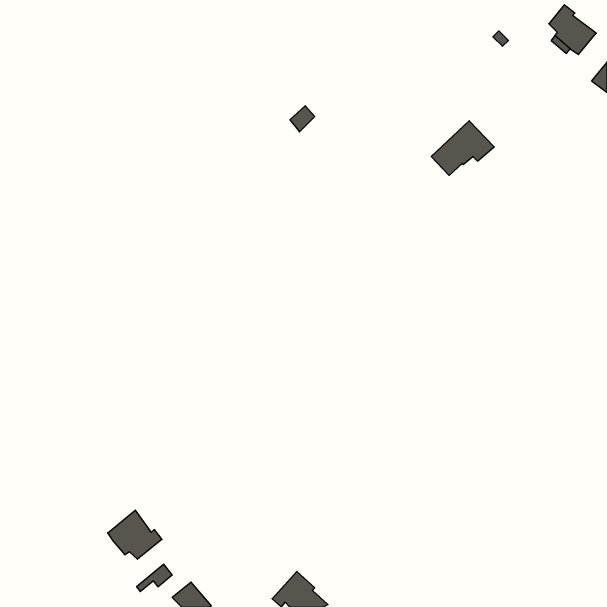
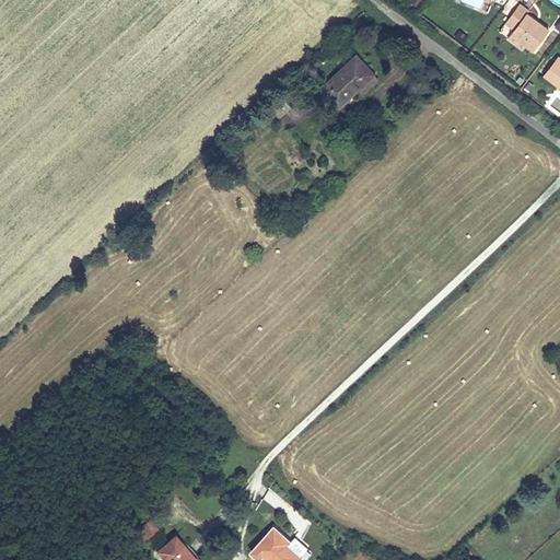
building: [431,121,494,175] -> [320,56,378,106]
building: [108,510,162,559] -> none

